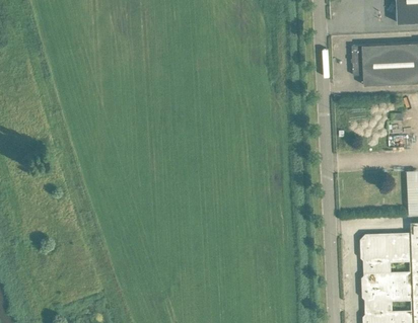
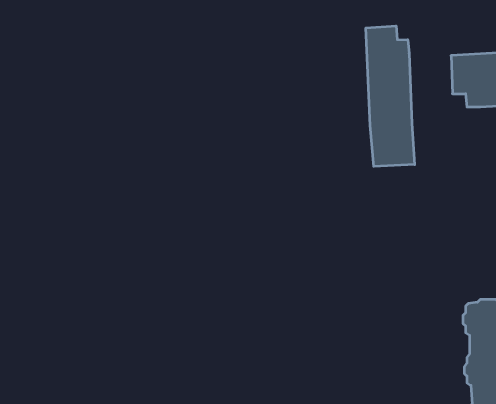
building: none -> [366,26,415,166]

